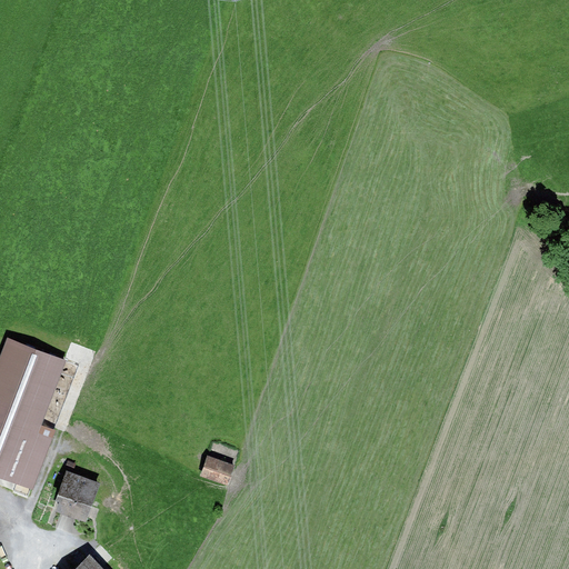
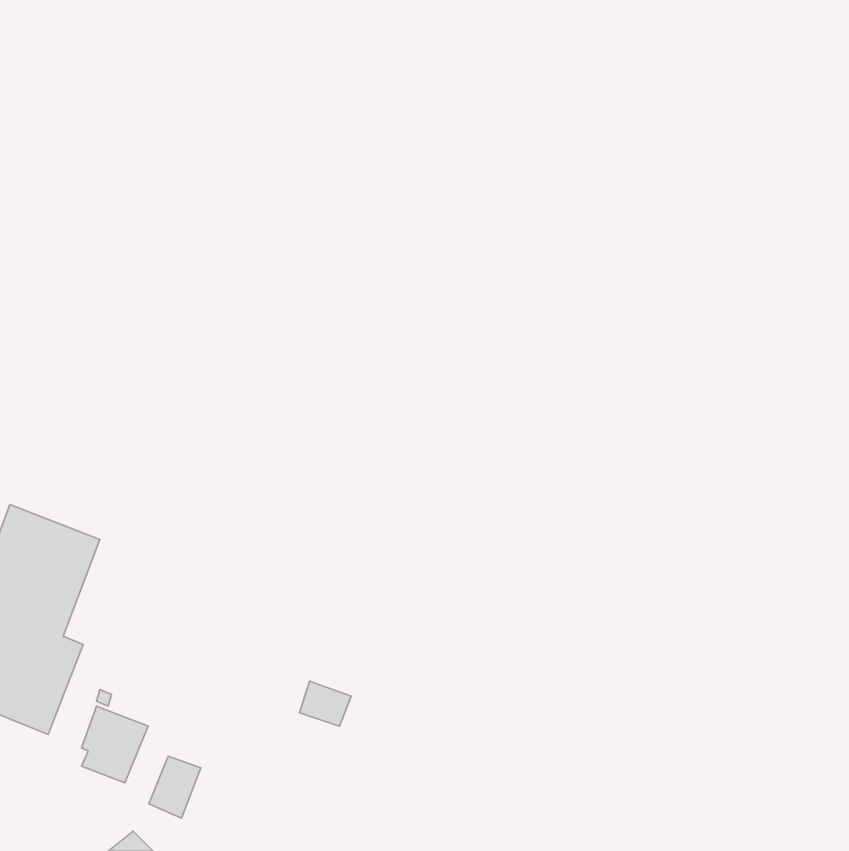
building: none -> [149,756,201,818]

